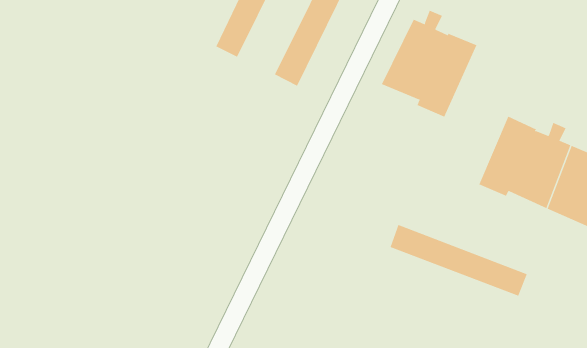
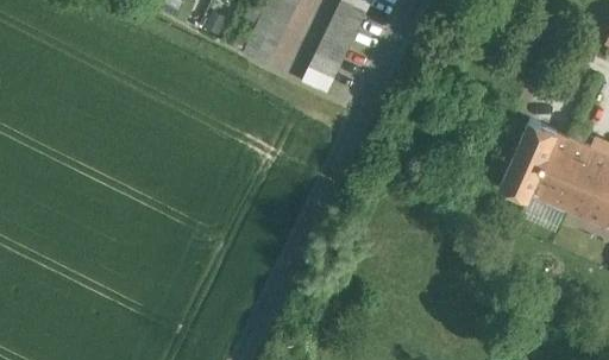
building: [381,10,477,117] -> none
building: [390,224,528,296] -> none

